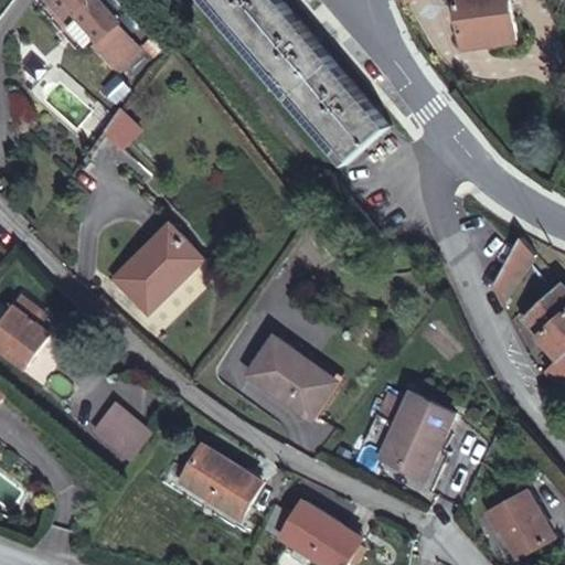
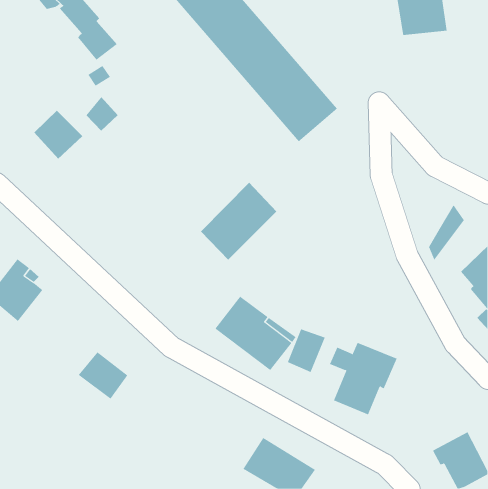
building: none -> [33,110,83,160]
building: [114,223,202,313] -> [200,182,277,260]
building: none -> [287,328,325,373]
building: [181,445,262,518] -> none

